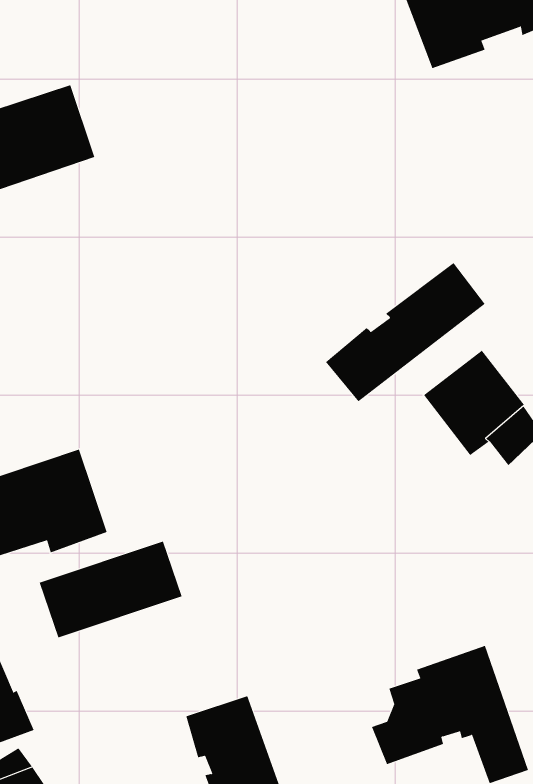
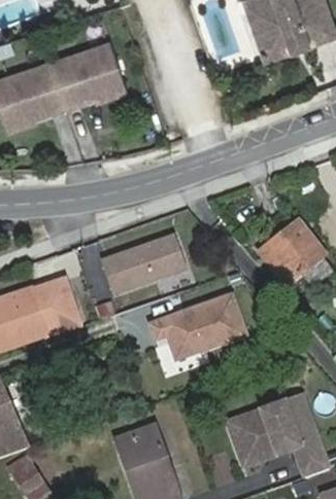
building: none -> [56,44,128,107]
building: [325,262,485,402] -> none
building: none -> [147,291,251,367]
building: [39,541,183,638] -> [97,234,182,291]

